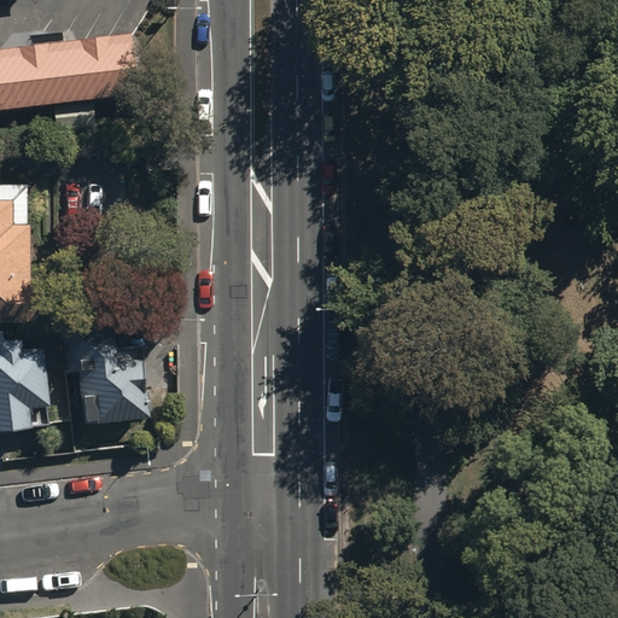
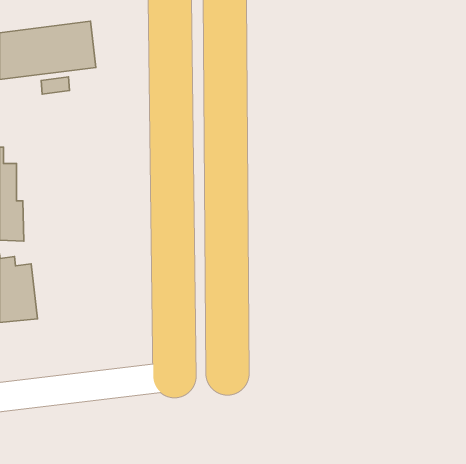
building: [66,333,150,424] -> none

